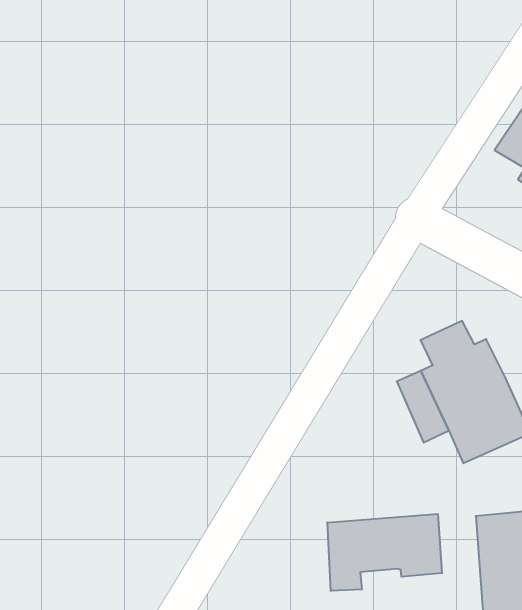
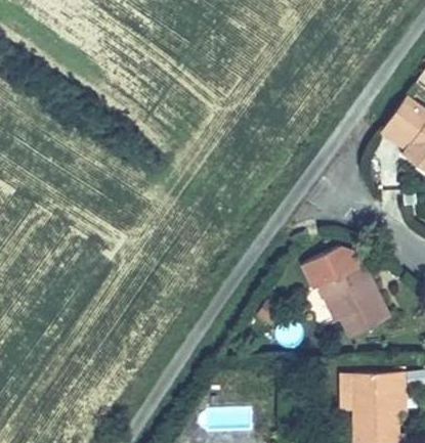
building: [327,514,442,591] -> none

